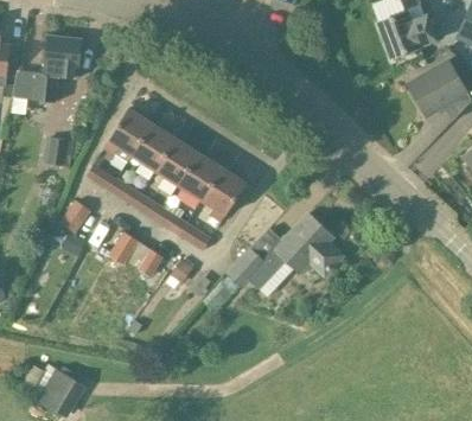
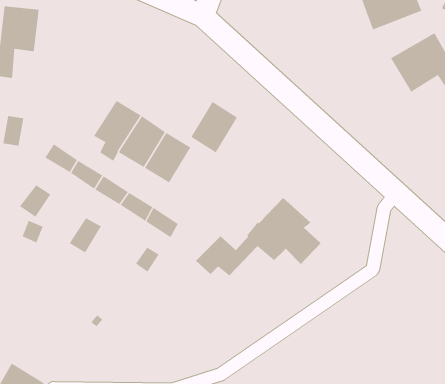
building: [107,108,152,161] -> none
building: [202,167,245,216] -> [191,101,238,153]
building: [126,242,162,278] -> none

